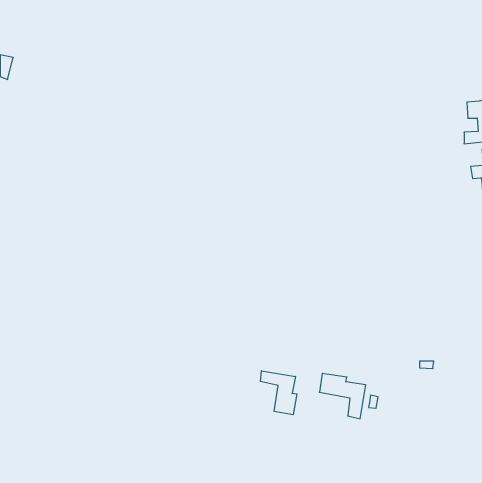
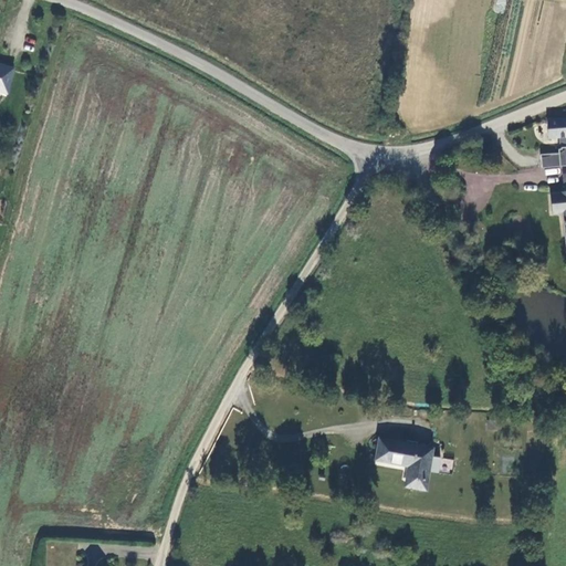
building: [260,371,297,415] -> none

